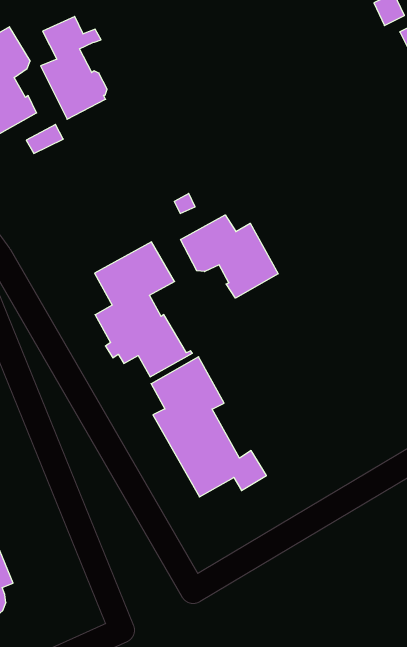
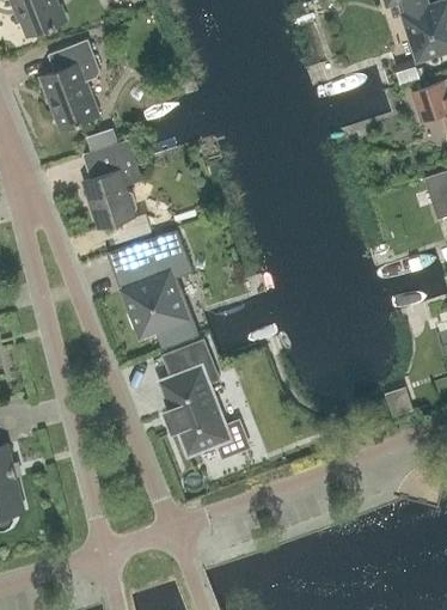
building: [41,16,107,119] -> [84,144,137,228]
building: [181,215,278,298] -> none

